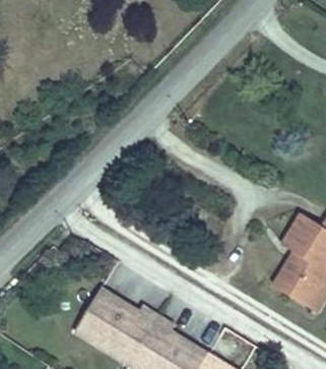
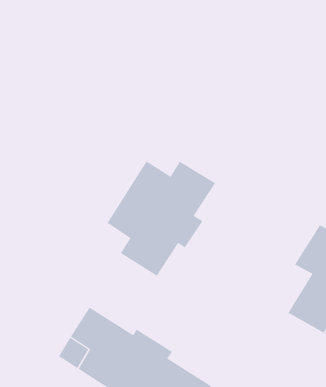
building: none -> [107,161,216,277]

